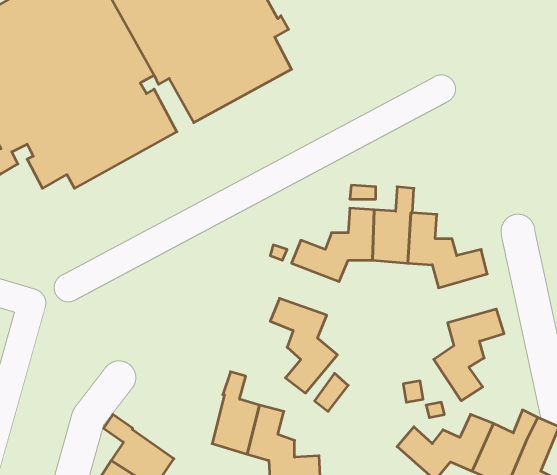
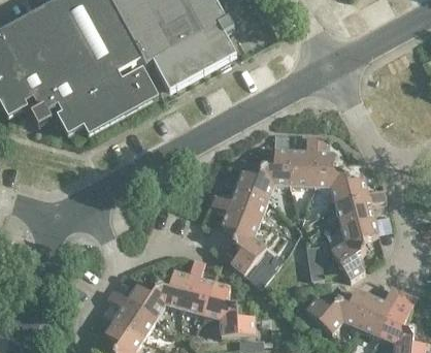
building: none -> [210,186,266,221]
building: none -> [333,189,385,226]
building: none -> [127,270,189,318]

